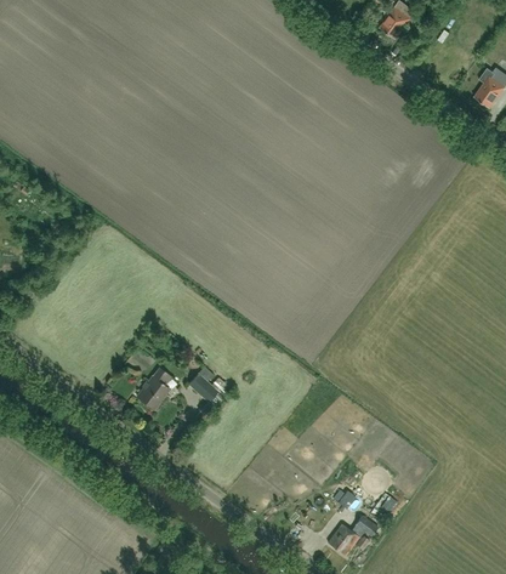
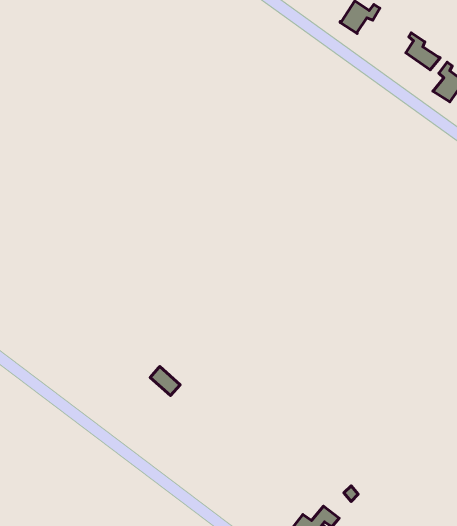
building: none -> [406,33,440,70]
building: [137,368,170,410] -> none

